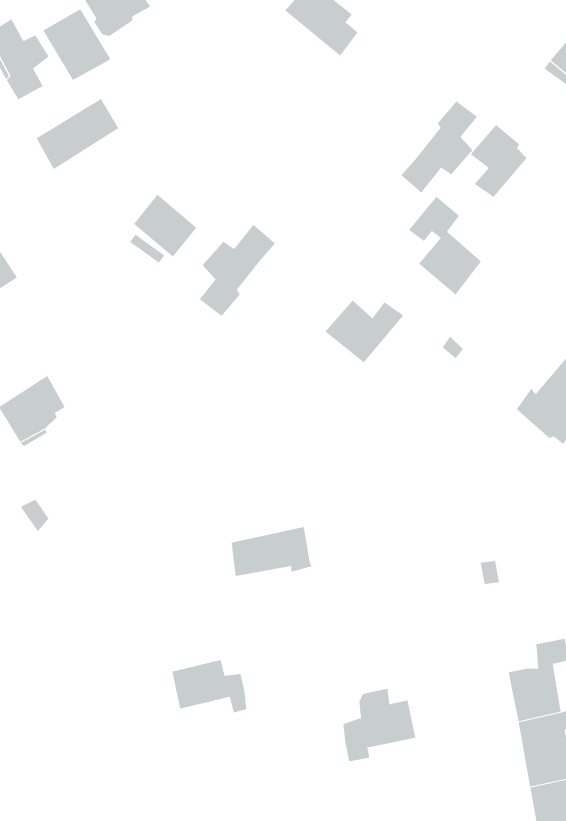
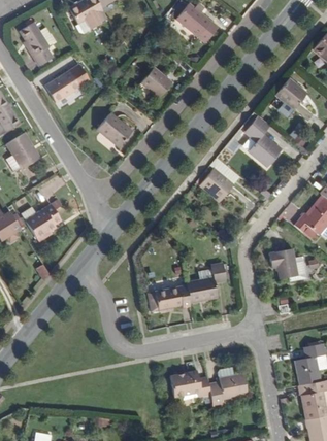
building: [42,9,111,81] -> none
building: [401,101,478,193] -> none
building: none -> [142,66,172,96]
building: [199,224,276,317] -> none
building: none -> [266,246,303,280]
building: none -> [187,261,229,303]
building: [172,659,247,713] -> [169,370,208,398]

